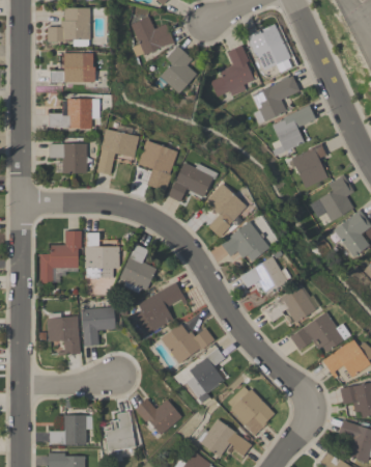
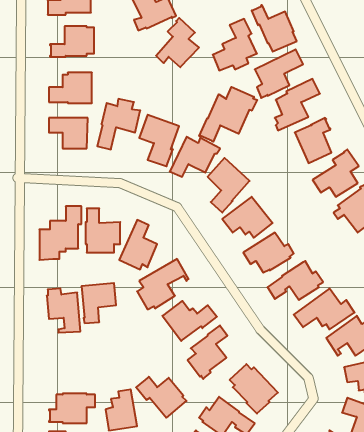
building: none -> [199,87,257,142]

